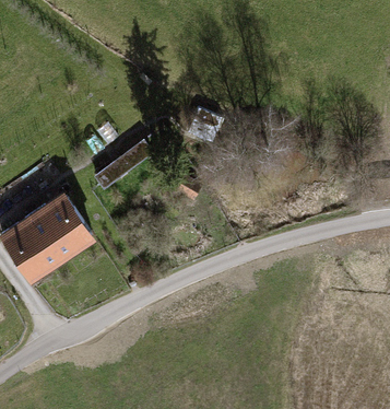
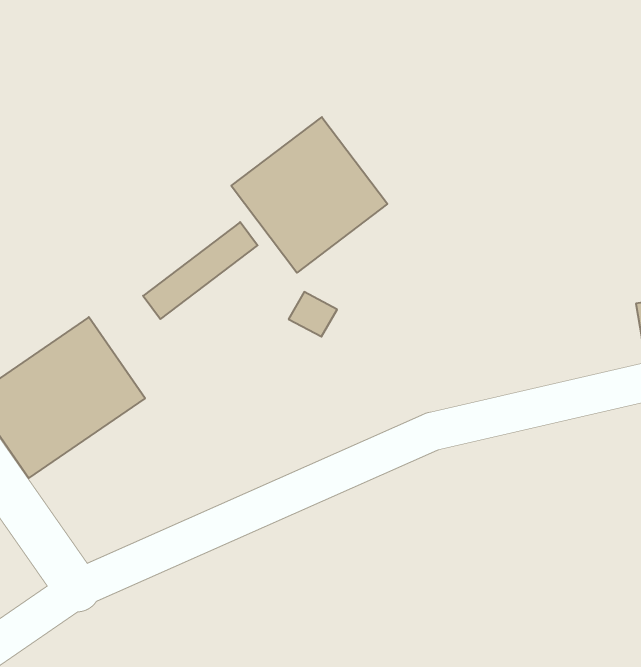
building: none -> [231,117,387,273]

